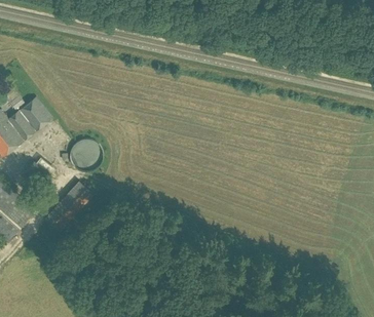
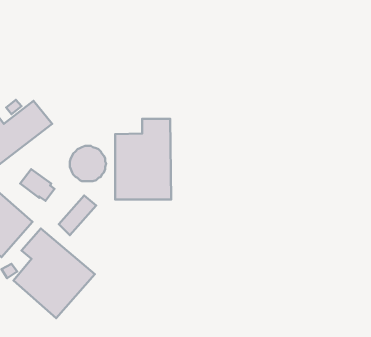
building: none -> [115,119,171,200]
building: none -> [13,228,95,318]

